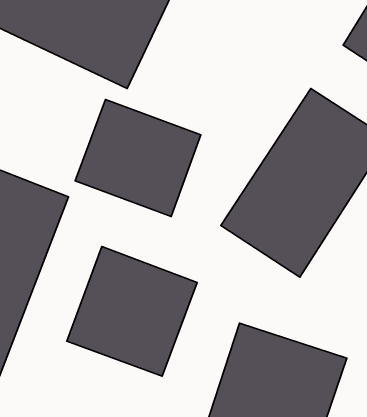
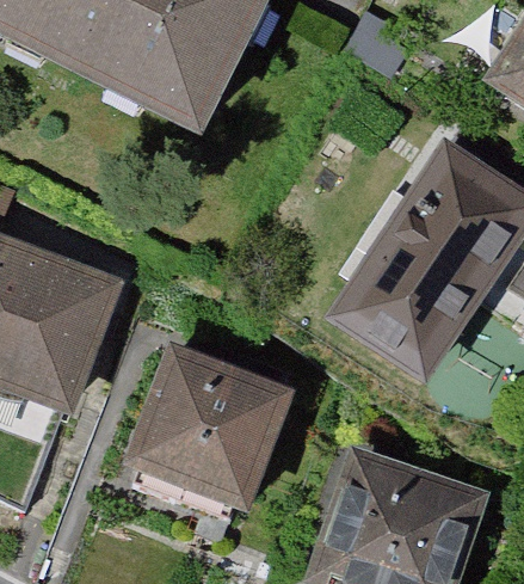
building: [75,100,201,216] -> none

